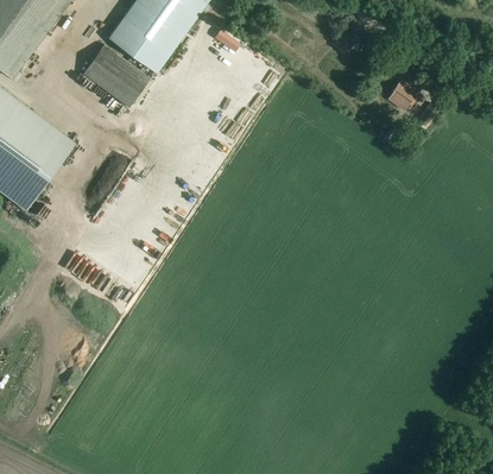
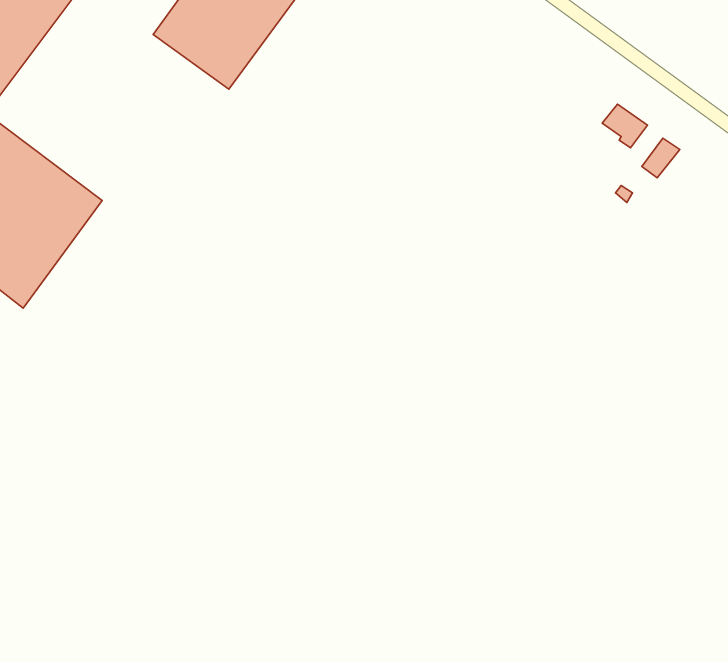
building: [82,45,150,108] -> none

